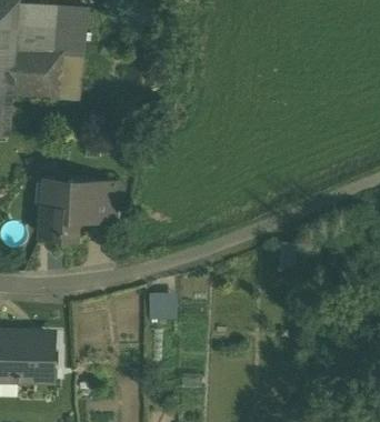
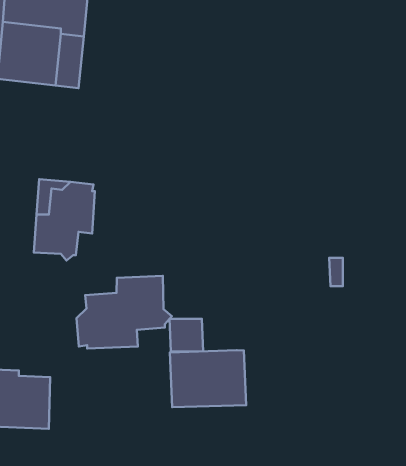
building: [88,180,114,221] -> none
building: none -> [76,276,172,348]
building: none -> [170,350,246,407]

